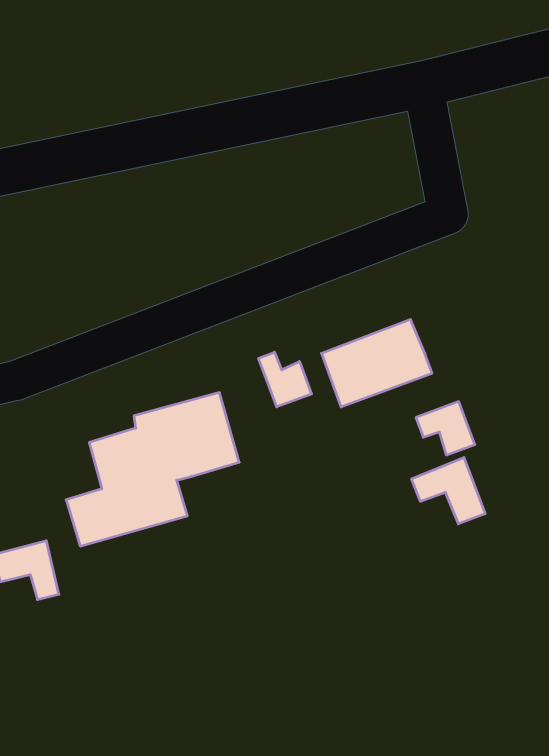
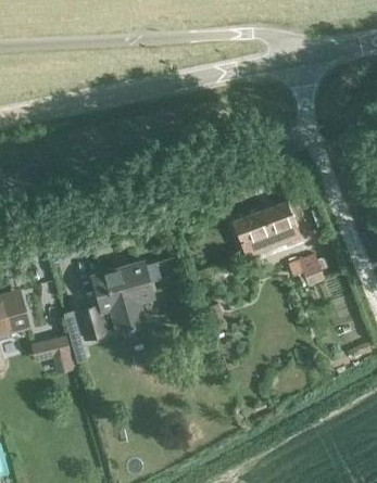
building: [259,352,312,407] -> none
building: [412,457,485,524] -> none

